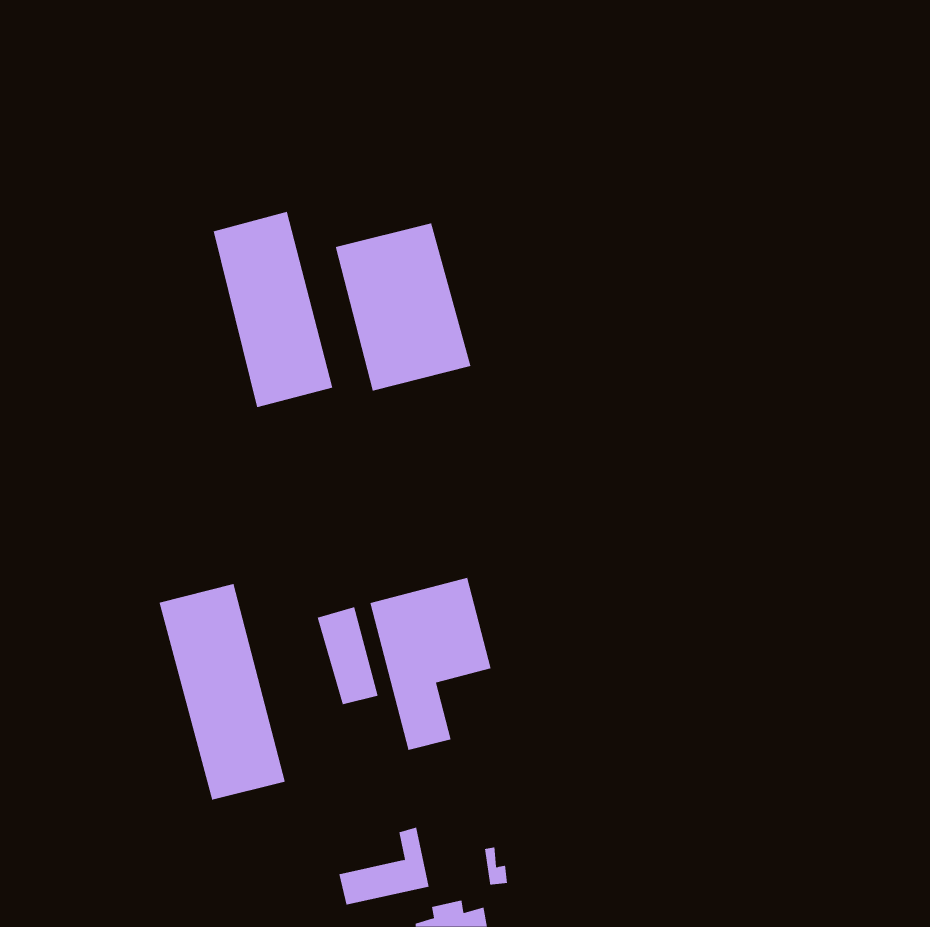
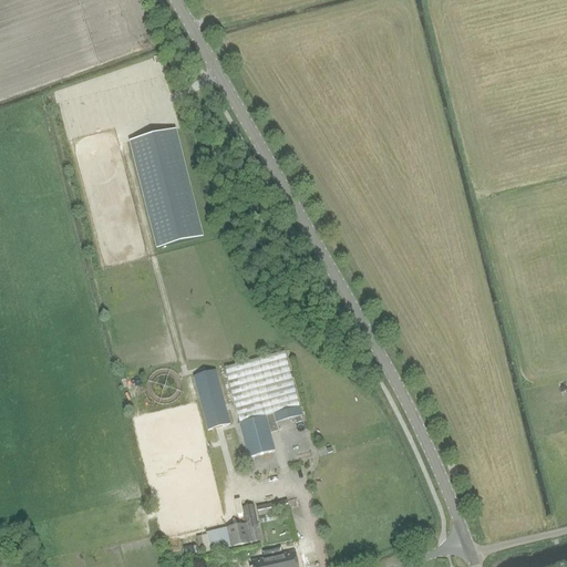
building: [335,222,471,392] -> none
building: [159,583,285,800] -> none

